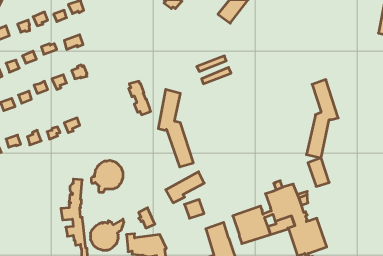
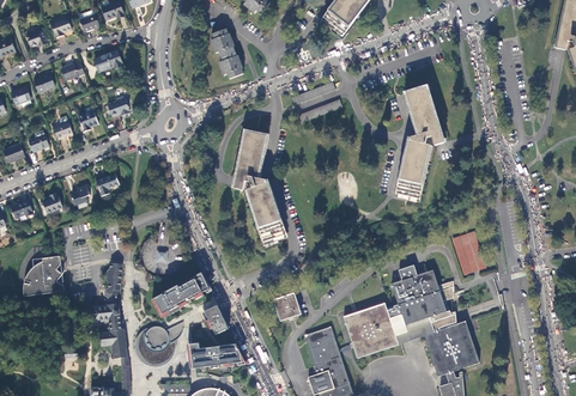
building: [306,80,338,158] -> [395,87,442,202]
building: [129,81,151,115] -> [210,30,242,79]
building: [166,172,204,203] -> [153,273,210,318]
building: none -> [23,257,63,297]

